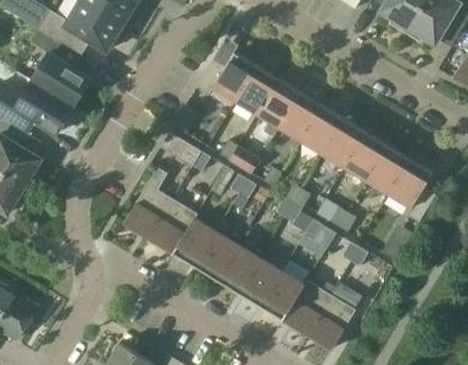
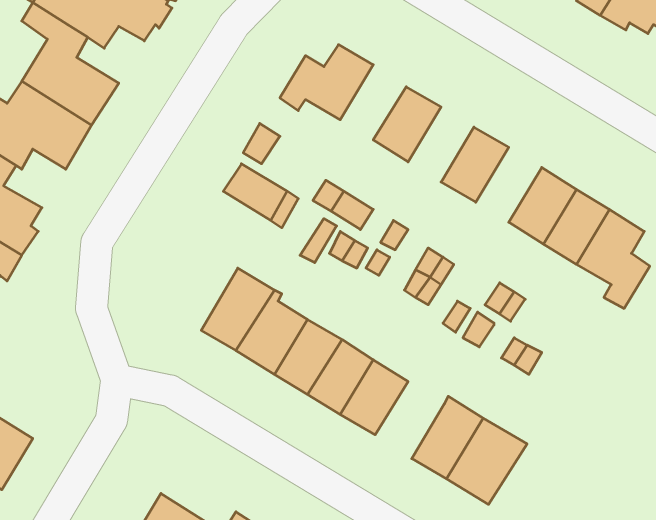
building: [236,65,278,114] -> none
building: [280,92,322,141] -> none
building: [323,119,366,167] -> none
building: [123,167,169,237] -> none
building: [258,270,303,320] -> none

